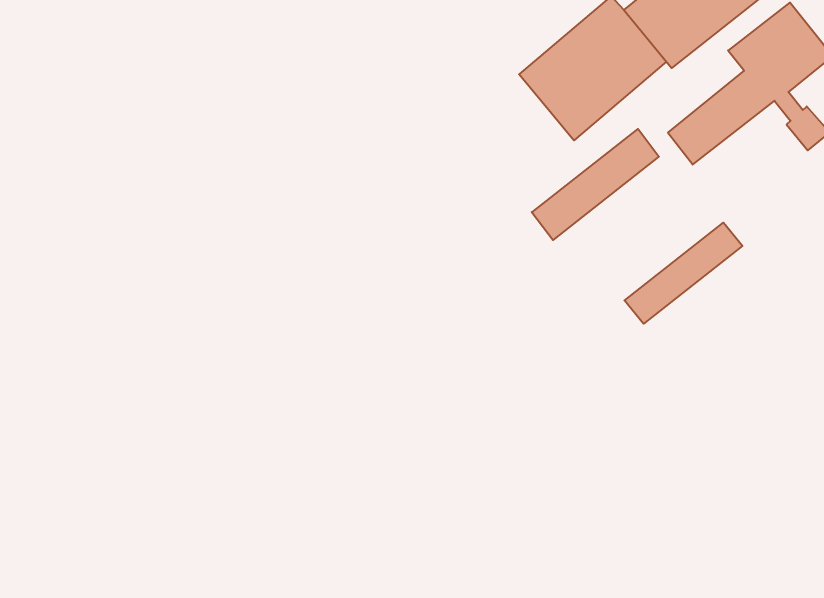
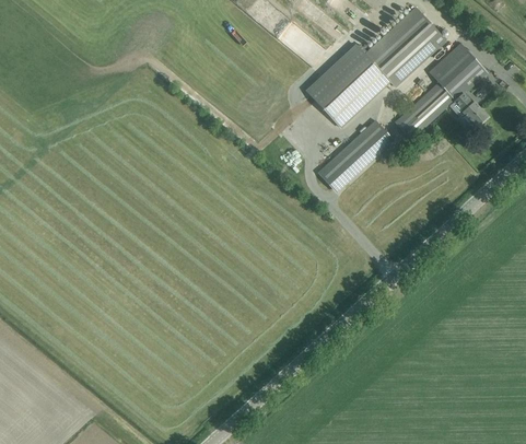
building: [624,223,742,324] -> none

